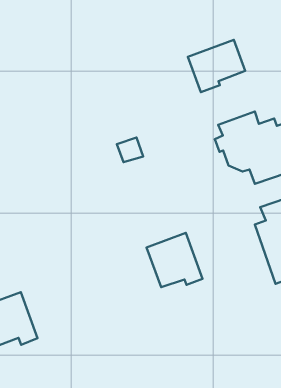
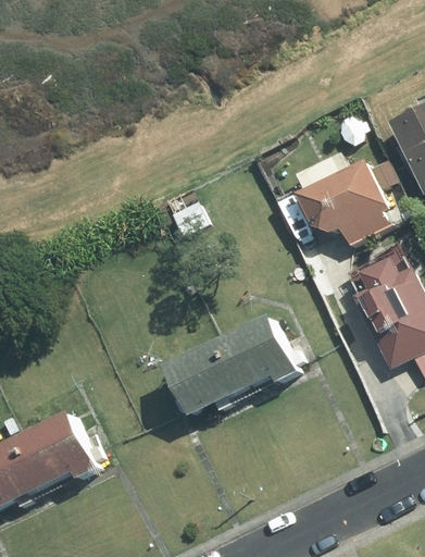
building: [188,40,245,92] -> none
building: none -> [165,338,243,413]

